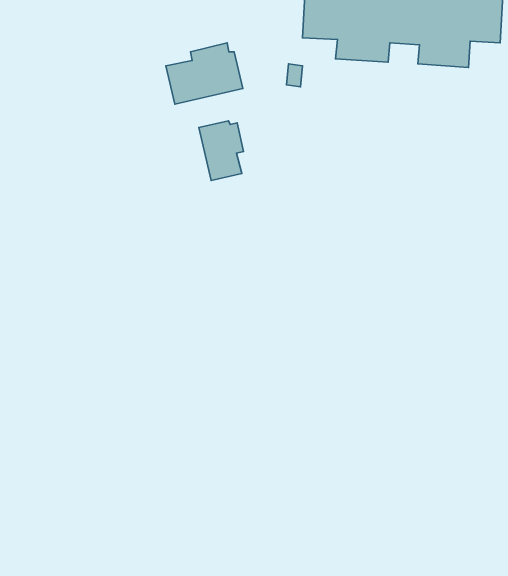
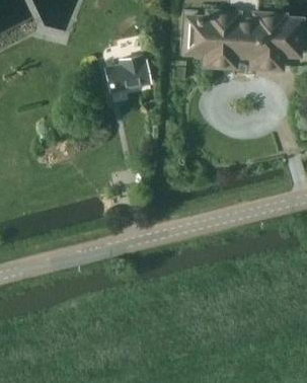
building: [199,121,243,181] -> none

